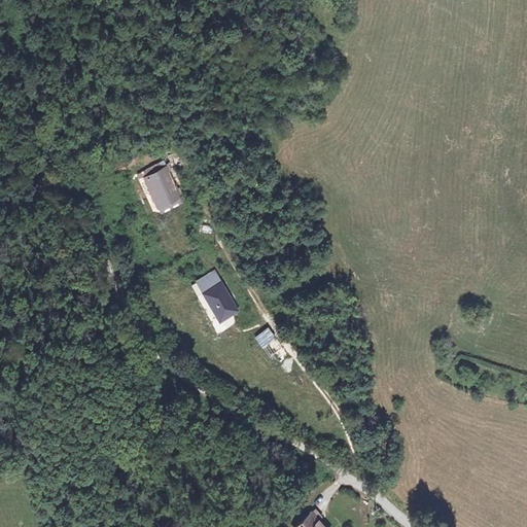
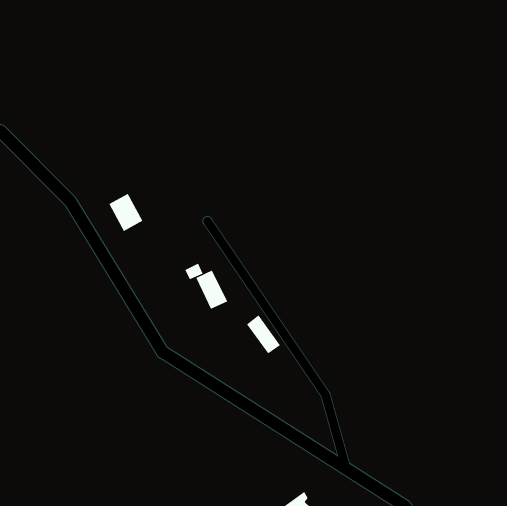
building: [146,168,182,208] -> [108,193,143,232]

